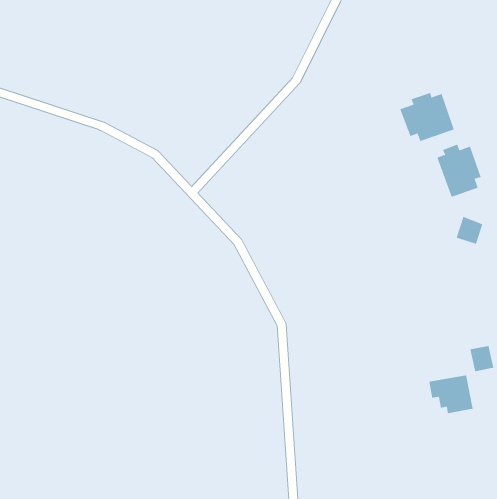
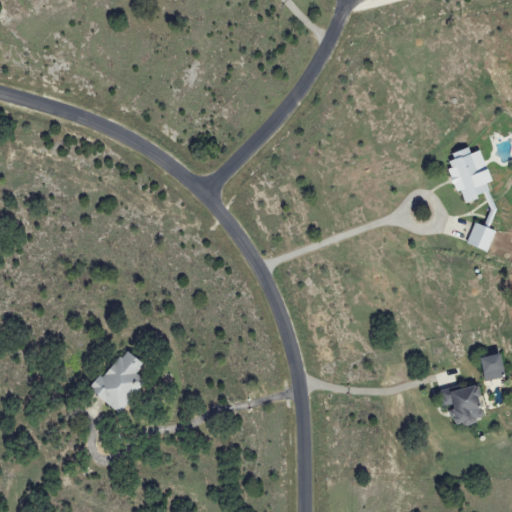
building: [399,92,454,142] -> none
building: none -> [93,348,147,411]

